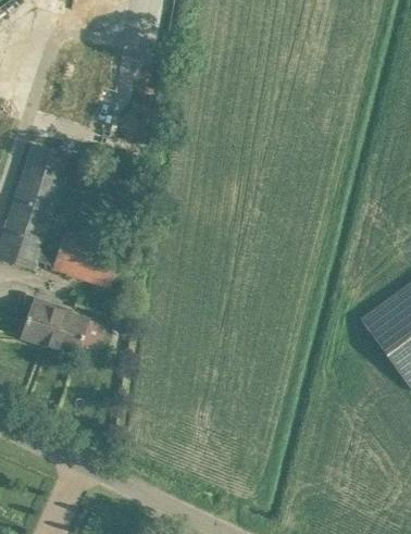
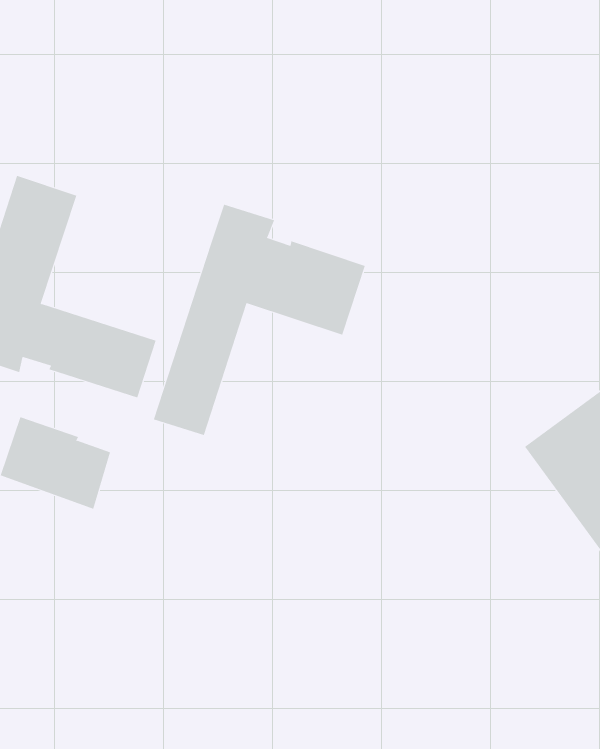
building: none -> [153,204,365,436]

